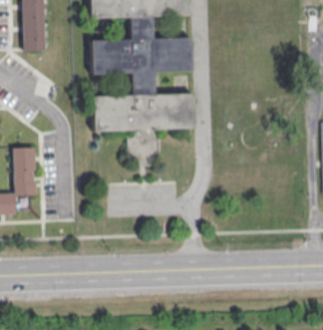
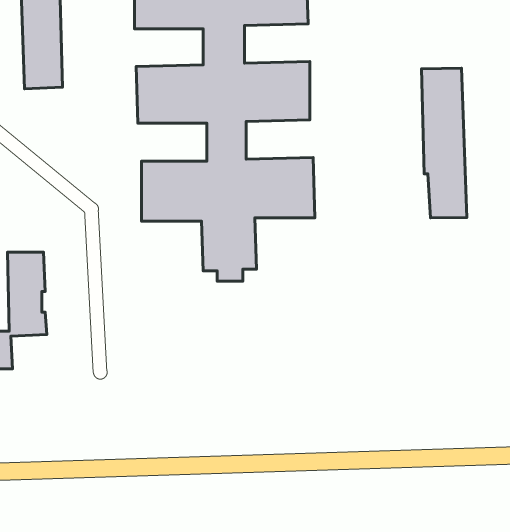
building: none -> [422,68,467,218]

